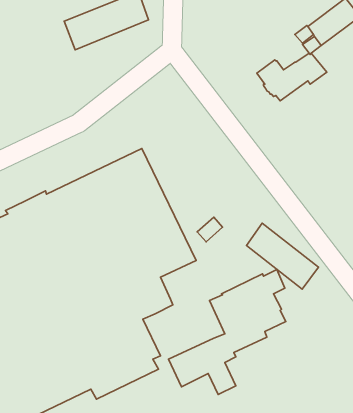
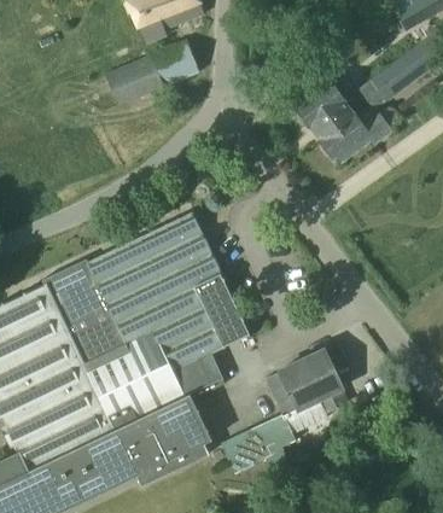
building: none -> [298,82,365,130]
building: [247,223,319,289] -> none

